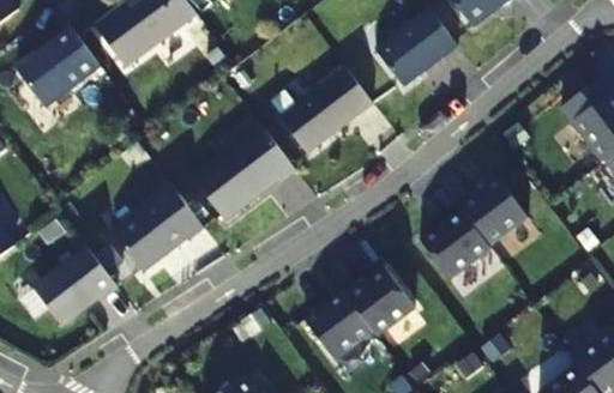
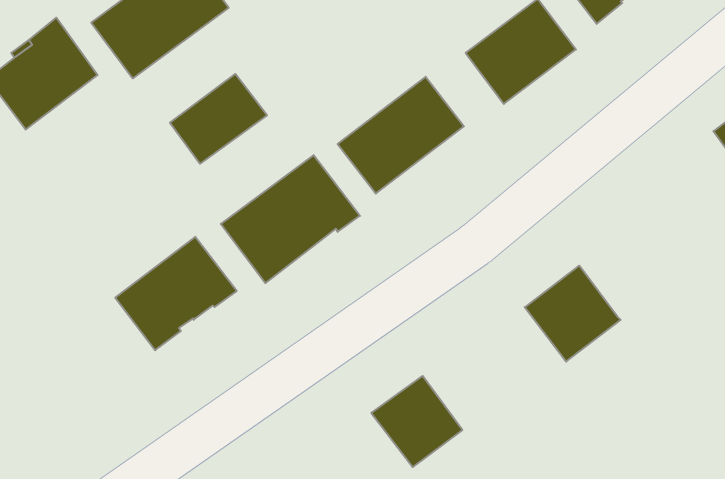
building: none -> [170,74,267,164]
building: [458,176,528,246] -> none
building: [32,246,118,325] -> none
building: [342,266,414,335] -> none

